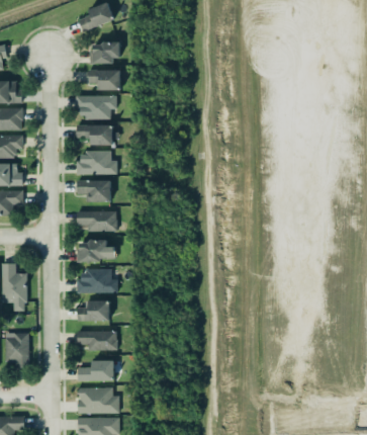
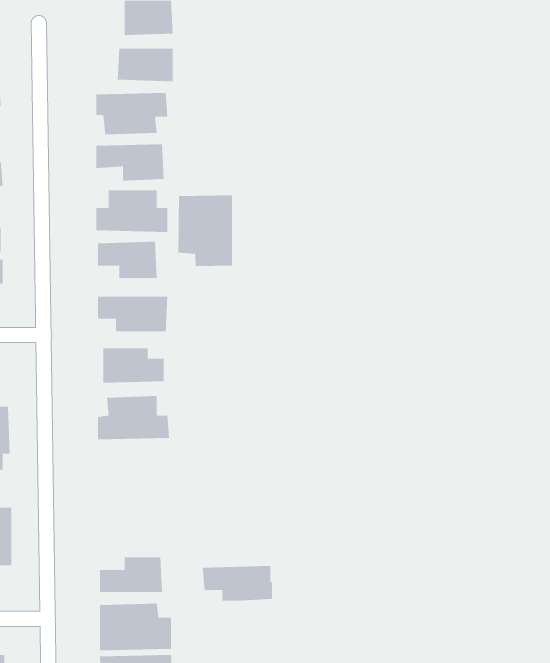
building: none -> [178,194,233,267]
building: [77,301,110,322] -> none
building: [77,330,117,350] -> [202,566,273,601]

